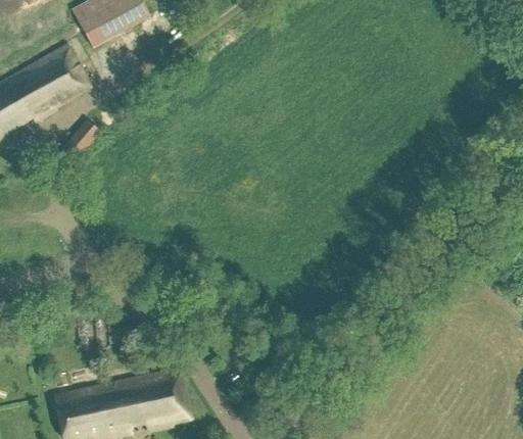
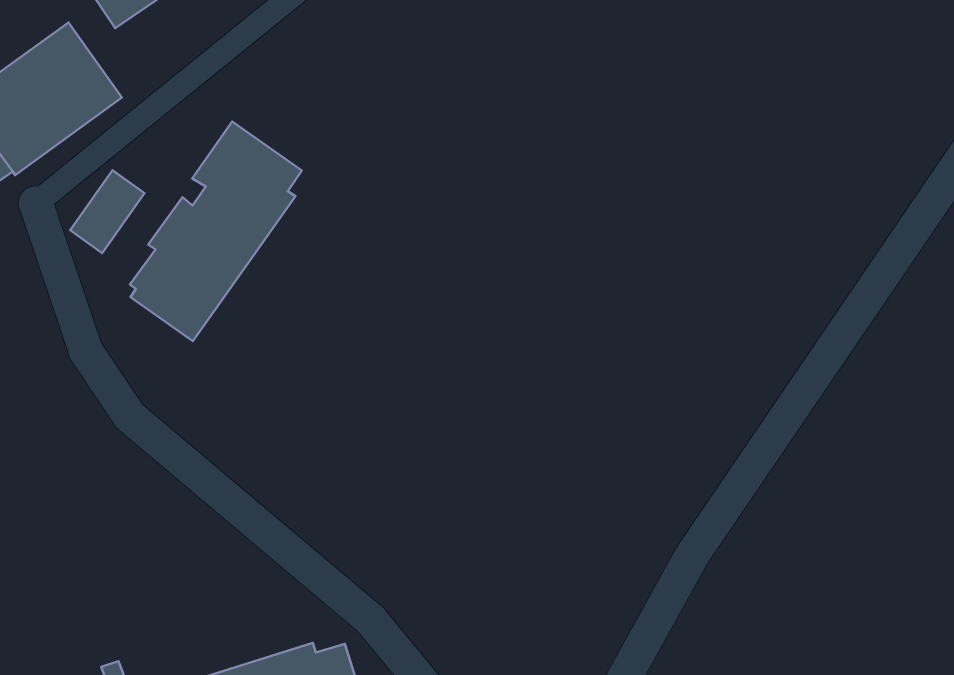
building: none -> [130,121,302,341]

